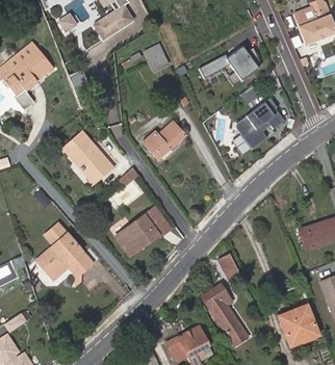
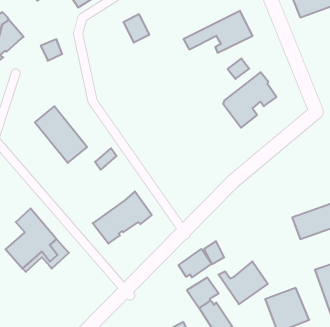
building: [141,121,185,160] -> none
building: none -> [179,249,211,277]
building: none -> [218,261,268,304]

